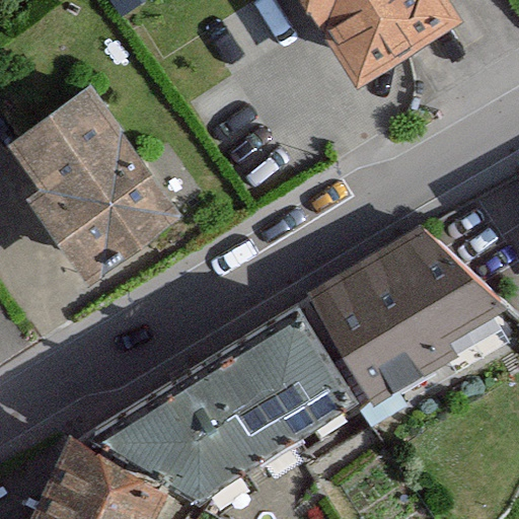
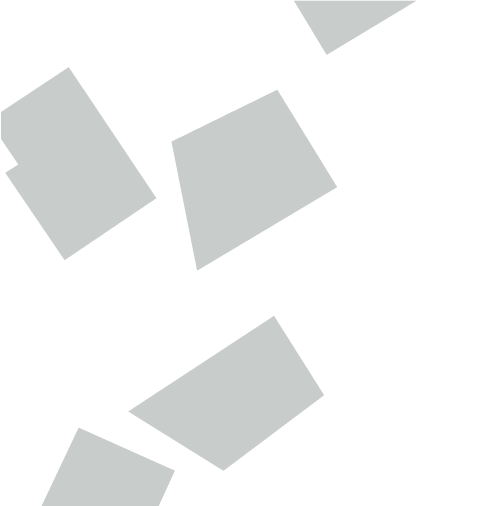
building: none -> [171,89,338,272]
building: [322,241,497,395] -> none

